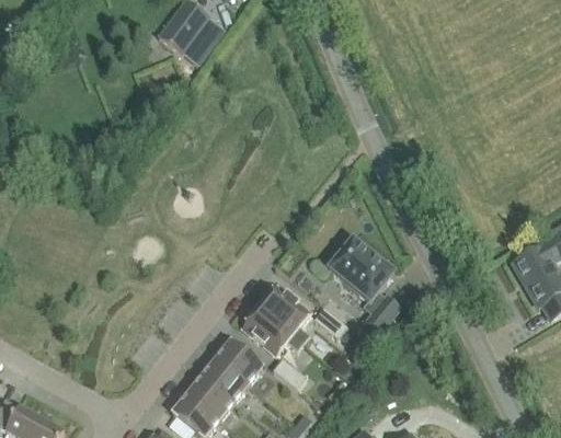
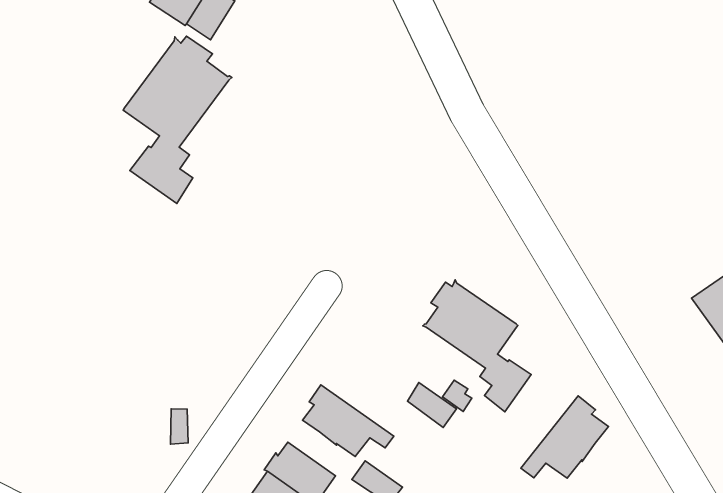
building: none -> [123,36,232,203]
building: [255,287,309,343] -> none
building: none -> [521,396,608,478]

